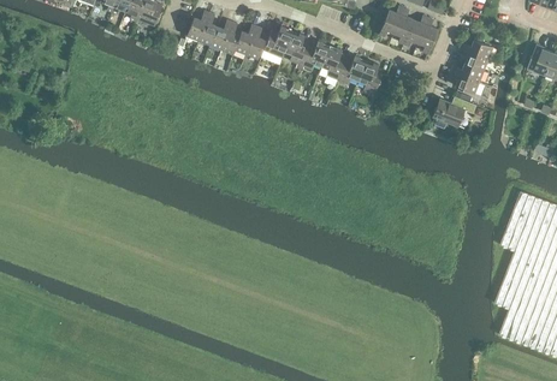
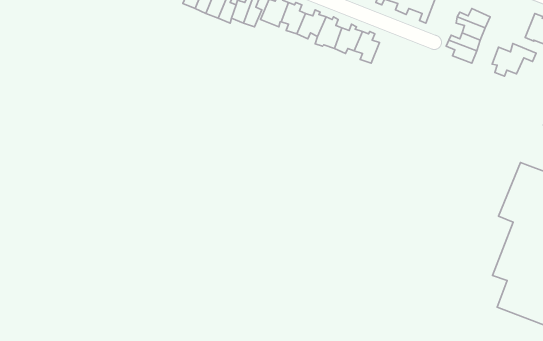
building: [433,96,476,129] -> [492,43,536,76]

